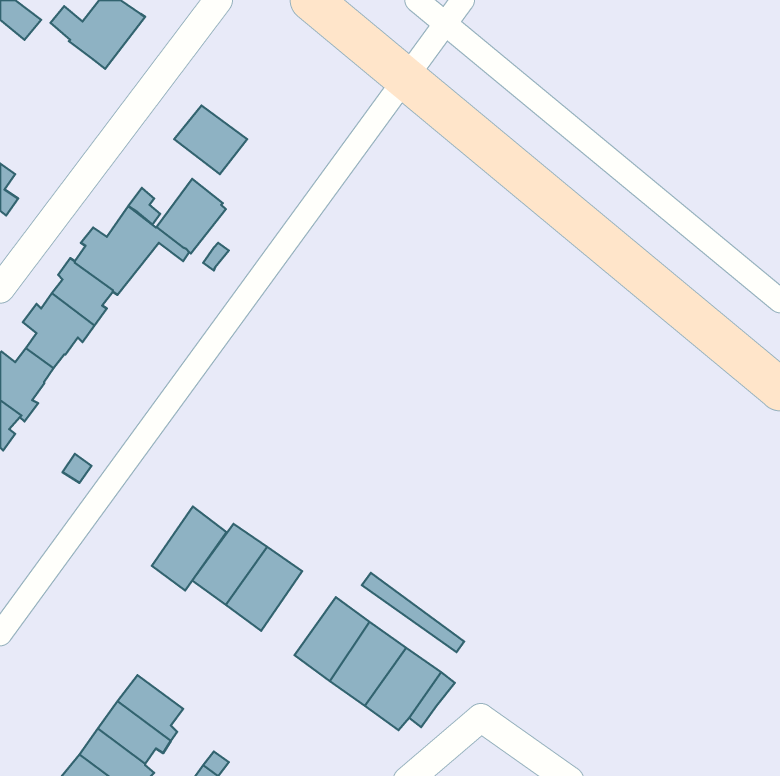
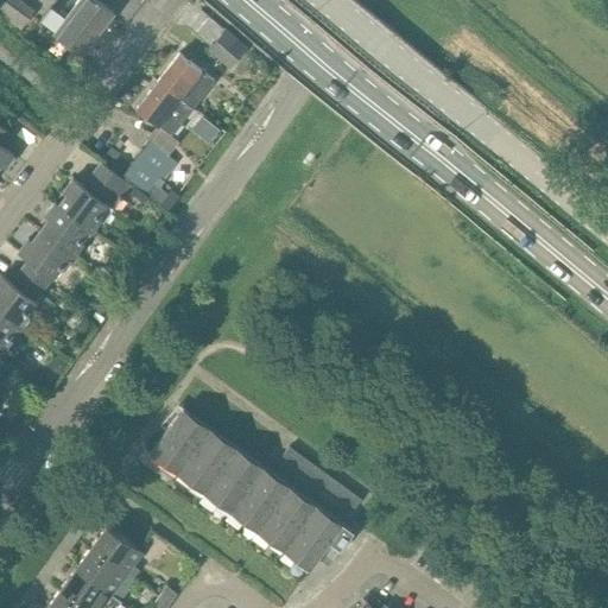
building: none -> [209,31,247,68]
building: none -> [157,57,214,112]
building: [152,506,227,590] -> [203,448,261,513]

